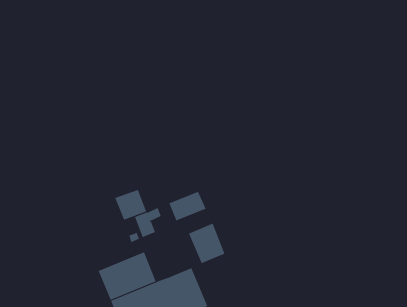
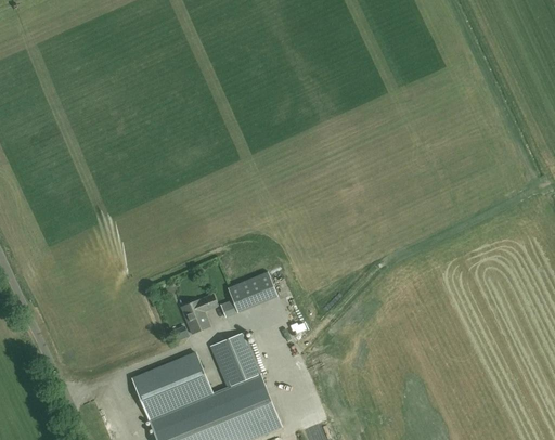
building: [115,189,147,221] -> none
building: [188,223,225,264] -> [210,333,260,388]

